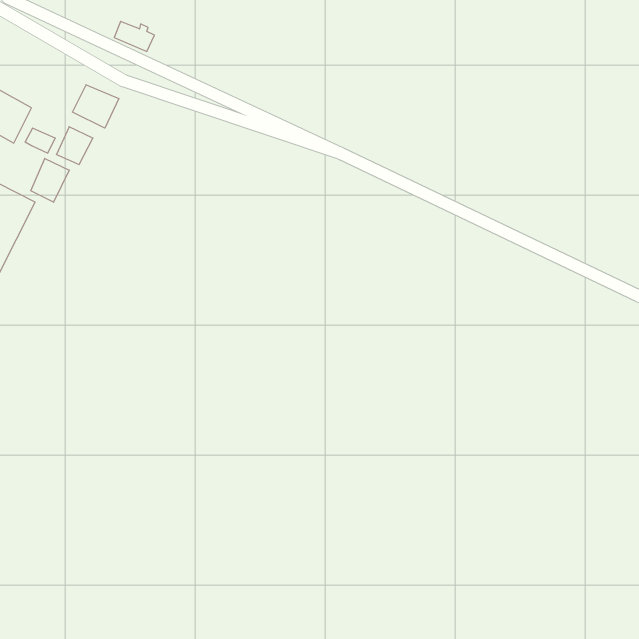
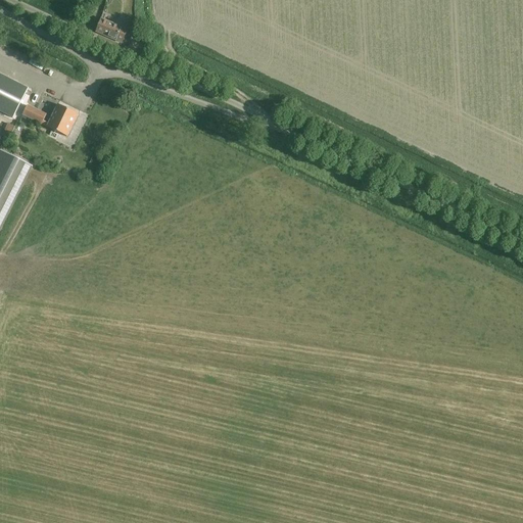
building: [72,85,119,128] -> none
building: [31,158,69,202] -> none

